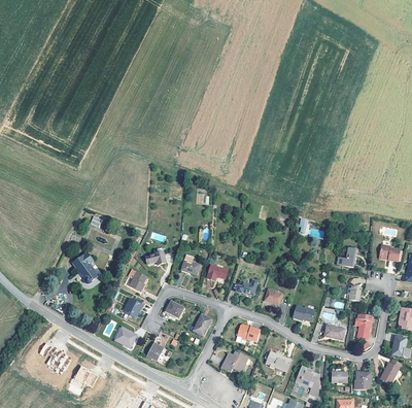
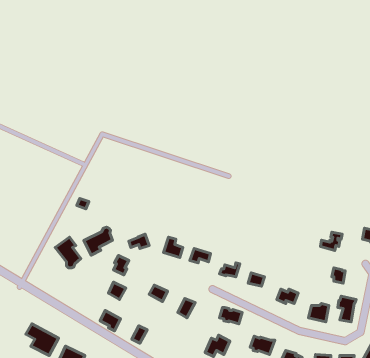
building: none -> [84,227,113,255]

